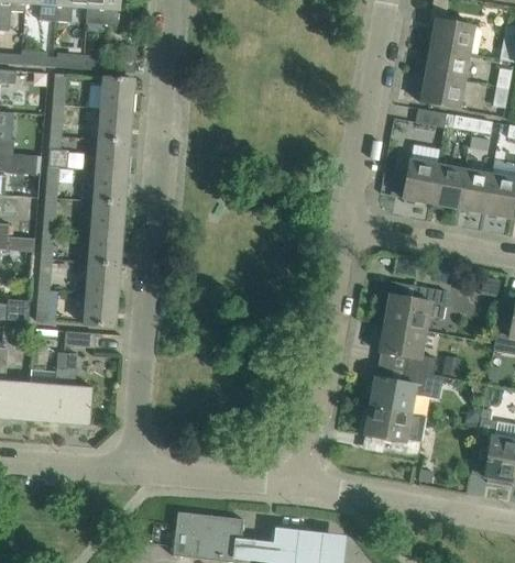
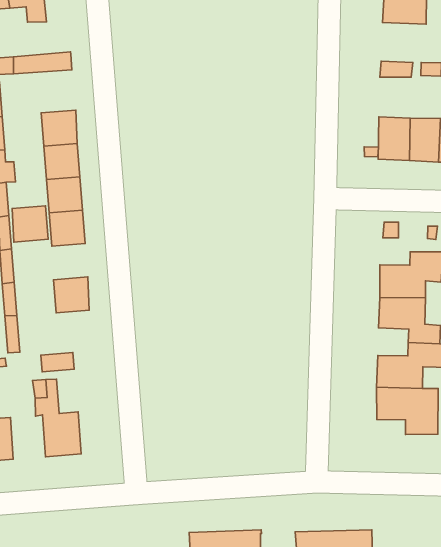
building: [420,74,464,110] -> none
building: [100,78,134,111] -> none
building: [88,232,122,265] -> [12,206,48,242]
building: [84,294,117,327] -> none
building: [26,383,59,423] -> none

